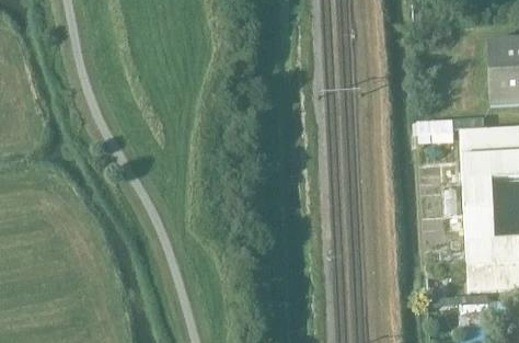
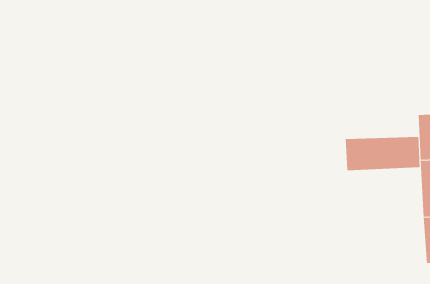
building: none -> [345,136,420,171]

